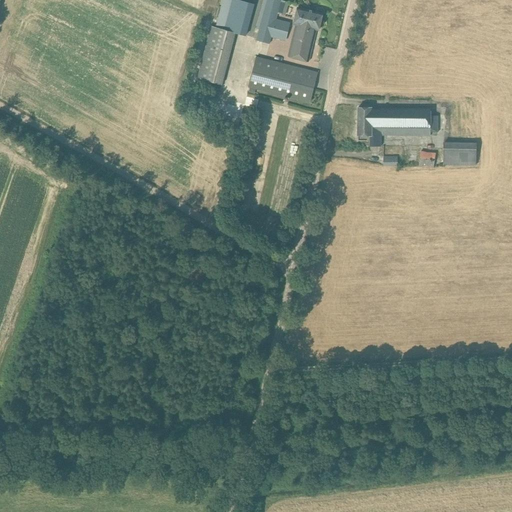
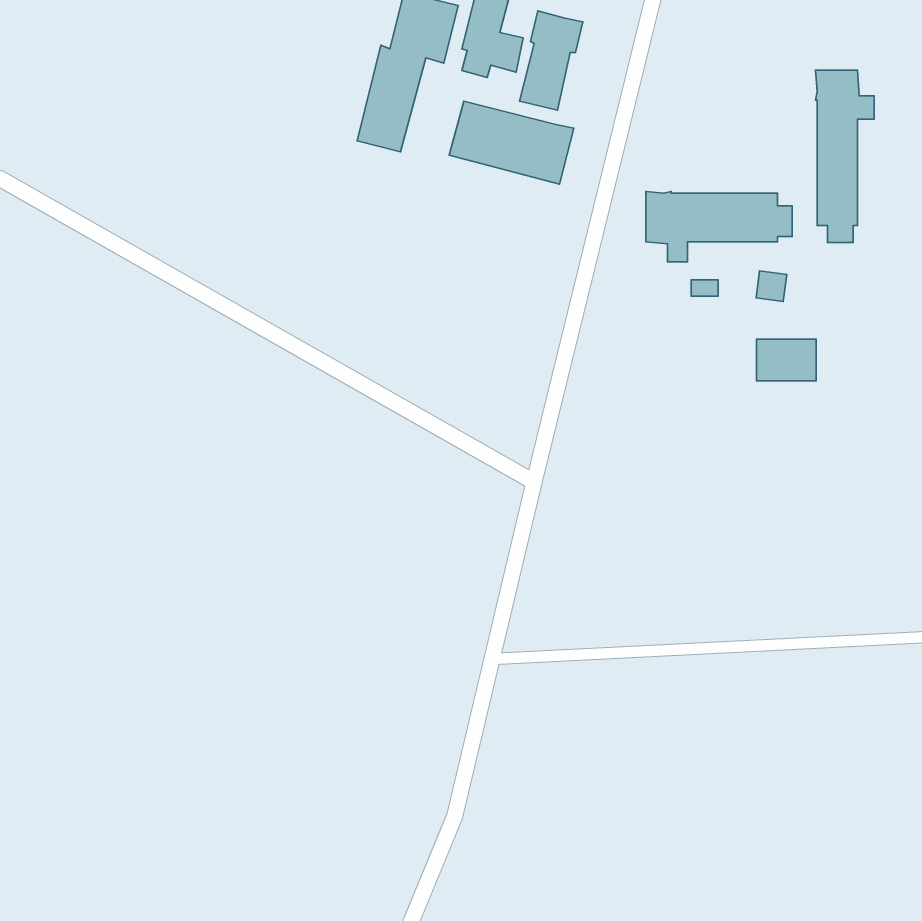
building: none -> [816,70,874,242]
building: [444,141,477,164] -> [757,339,816,381]

